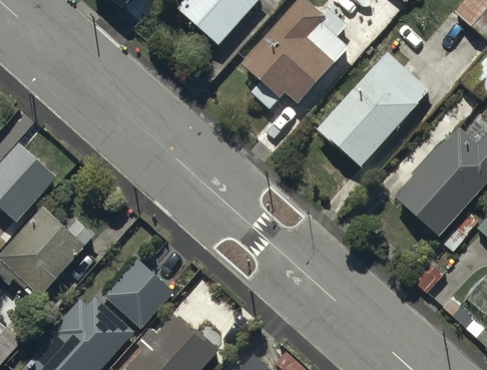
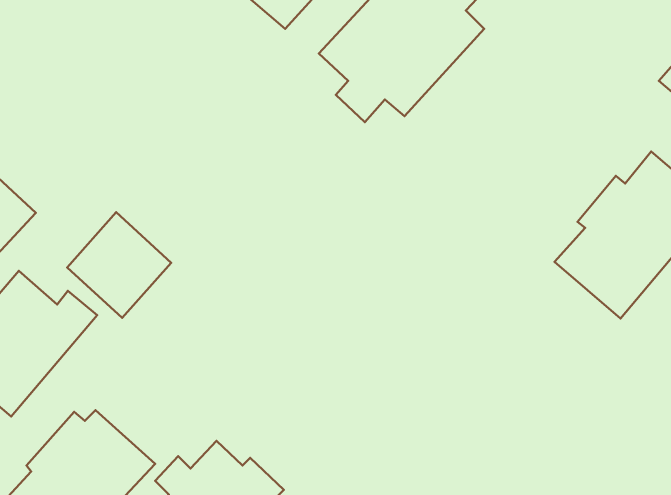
building: [317,52,430,169] -> none
building: [105,260,173,329] -> [67,212,171,318]

